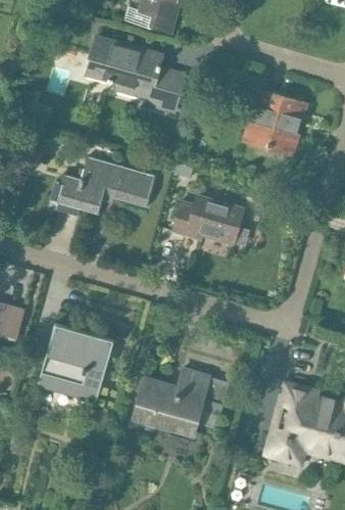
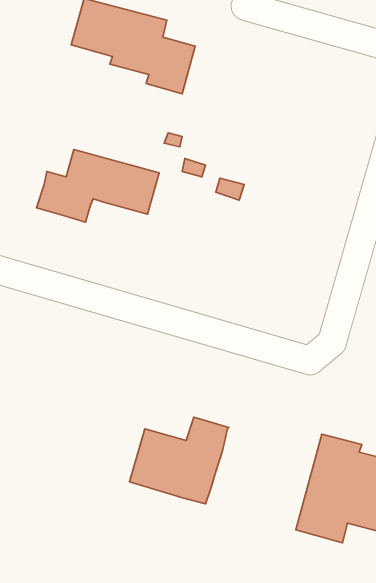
building: [240,89,308,157] -> none
building: [172,194,244,244] -> none
building: [37,324,113,399] -> none

